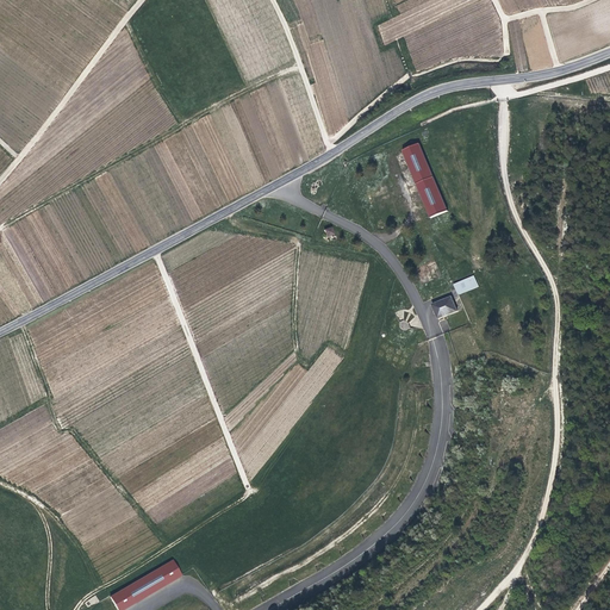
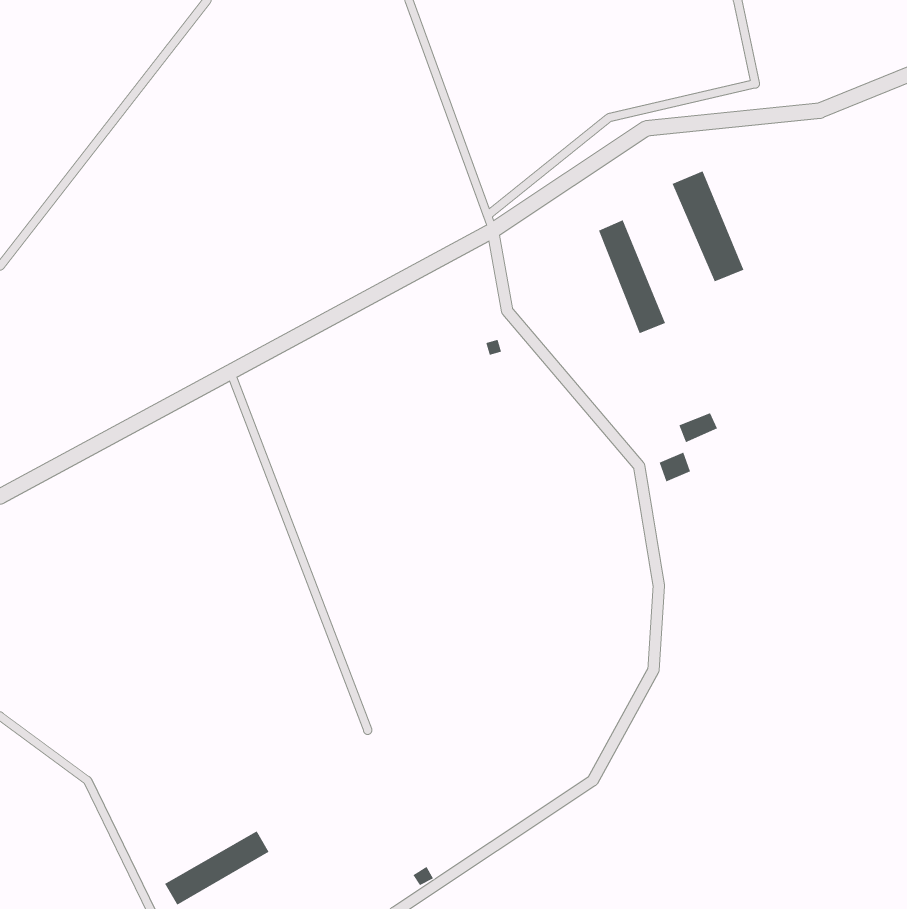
building: none -> [672,170,744,282]

